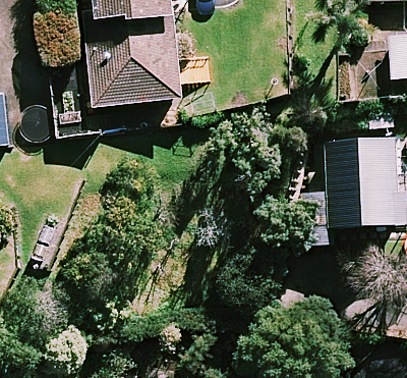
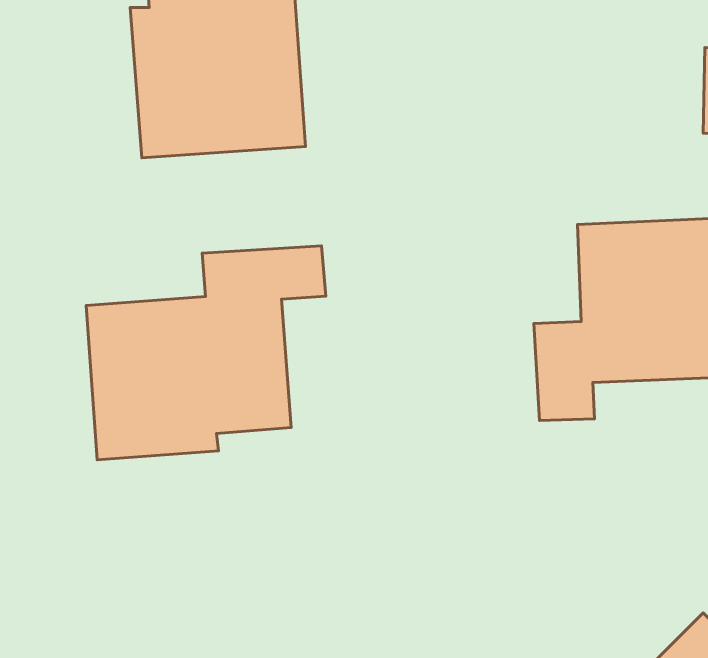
building: none -> [86,246,326,460]

